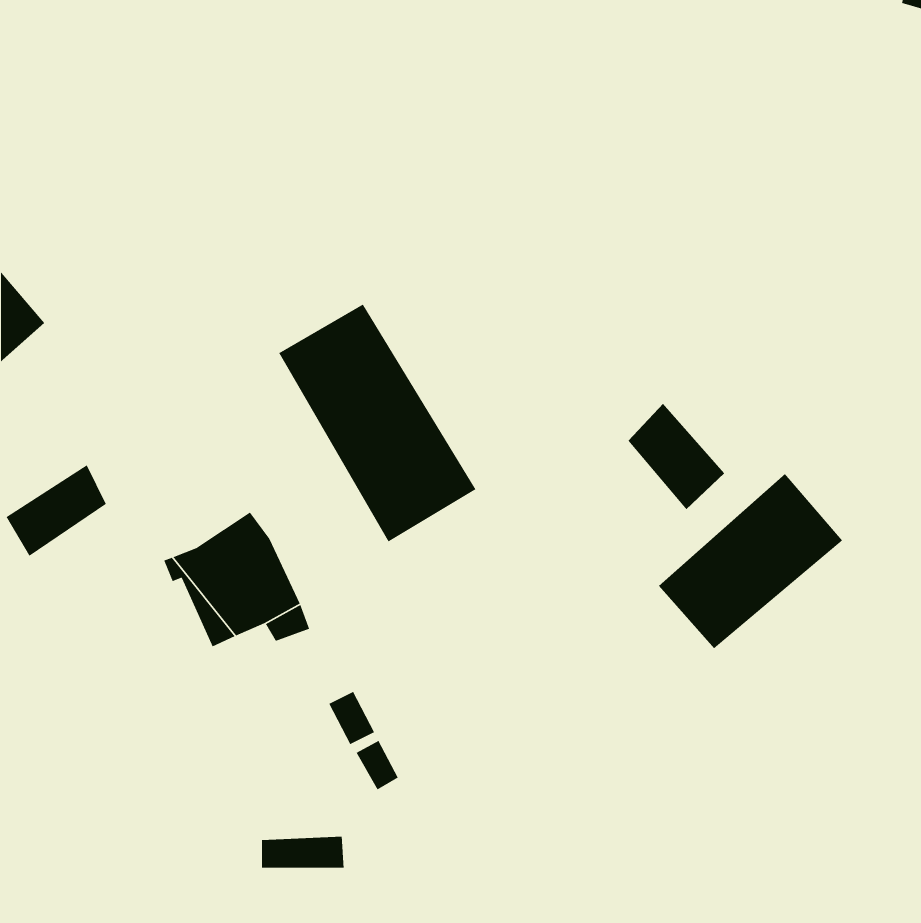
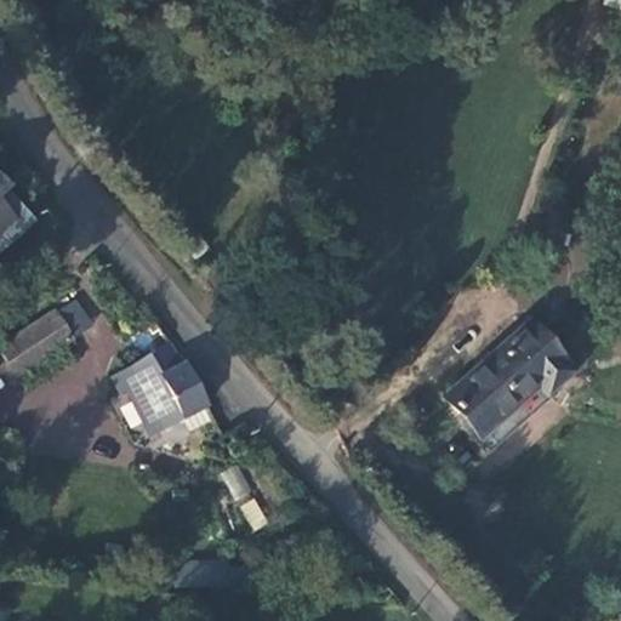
building: [278,303,477,543] -> none
building: [628,403,725,510] -> none

